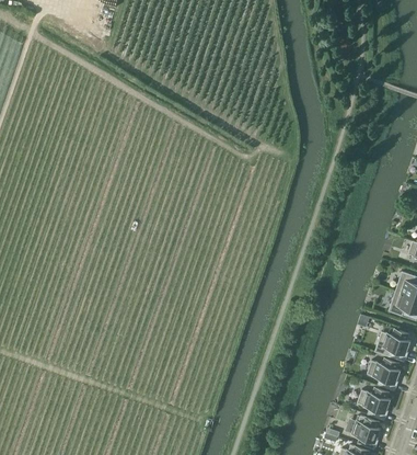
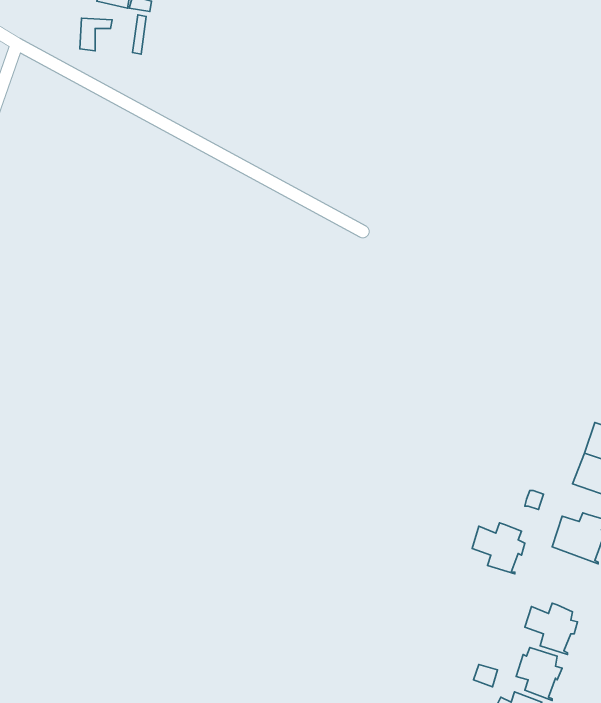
building: [368,359,402,391] -> [472,523,525,574]

